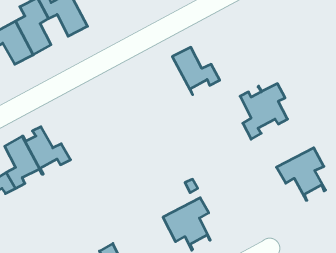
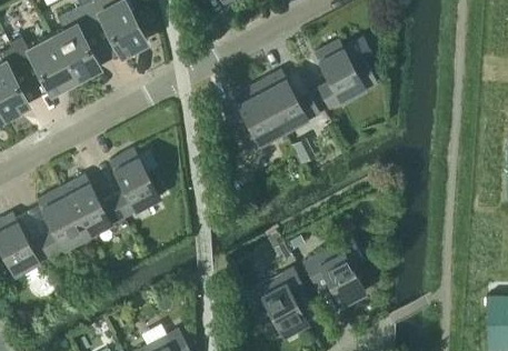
building: none -> [233,86,285,154]
building: [240,84,288,139] -> [315,39,377,112]
building: none -> [109,151,161,221]
building: [276,148,326,200] -> [302,240,367,309]

